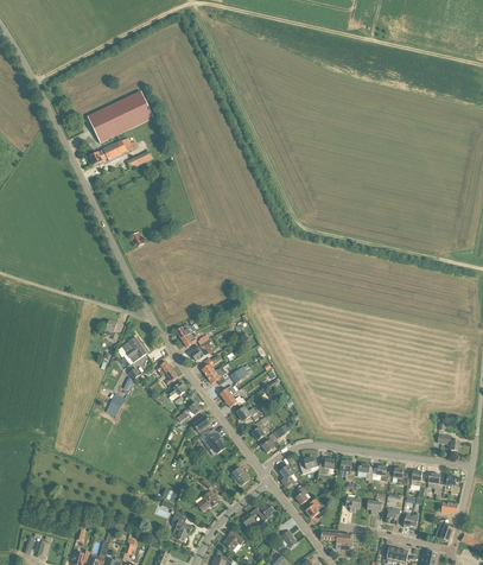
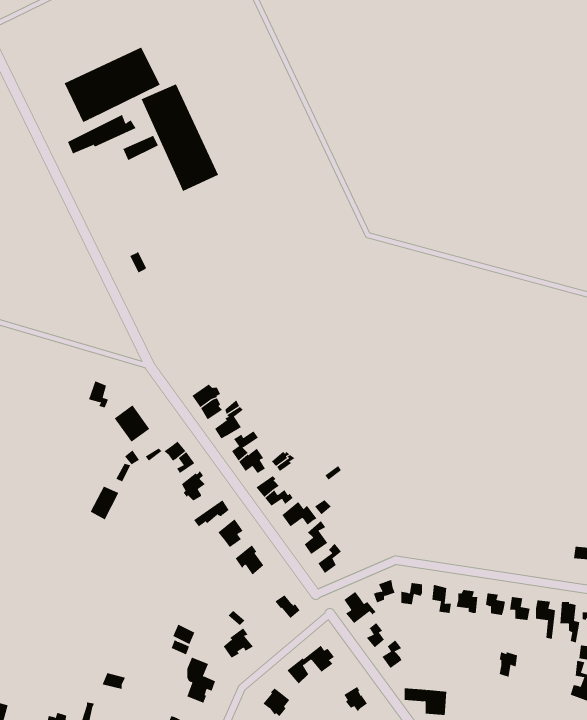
building: none -> [141,84,219,192]

